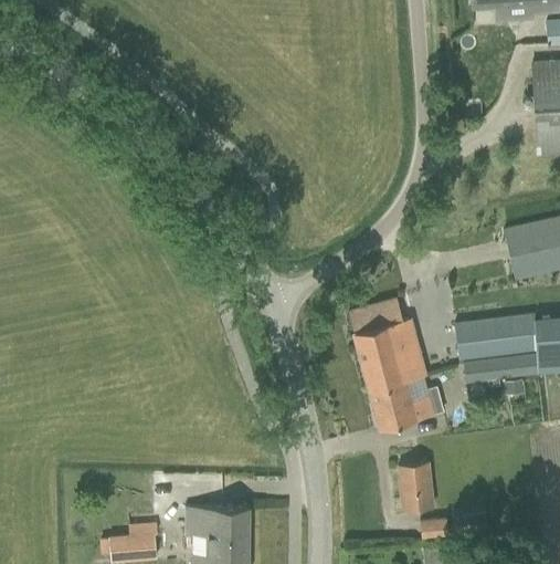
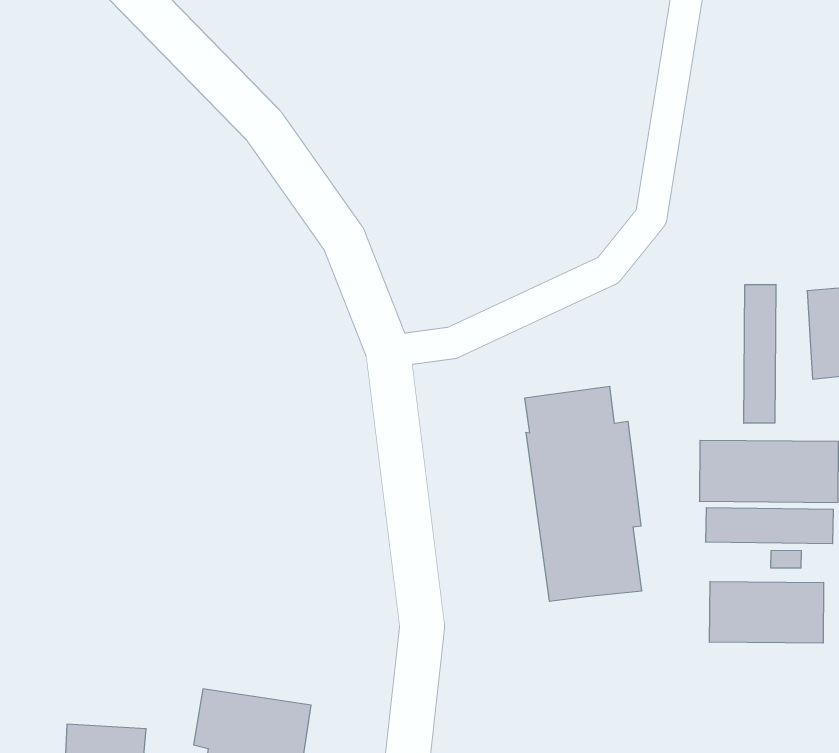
building: none -> [744,284,776,423]
building: none -> [709,581,824,643]
building: [400,463,435,510] -> none

